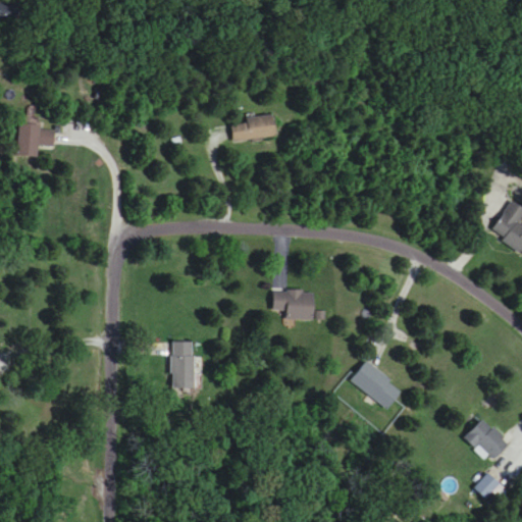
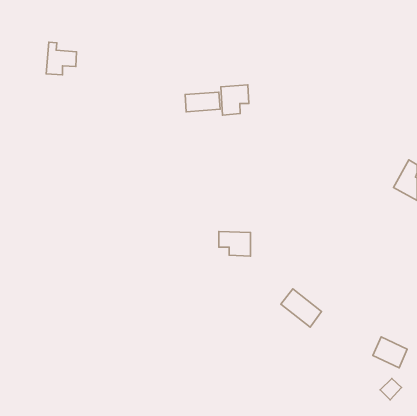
building: none -> [221,85,249,115]
building: [17,115,55,156] -> [46,42,77,75]
building: [172,342,195,388] -> none

